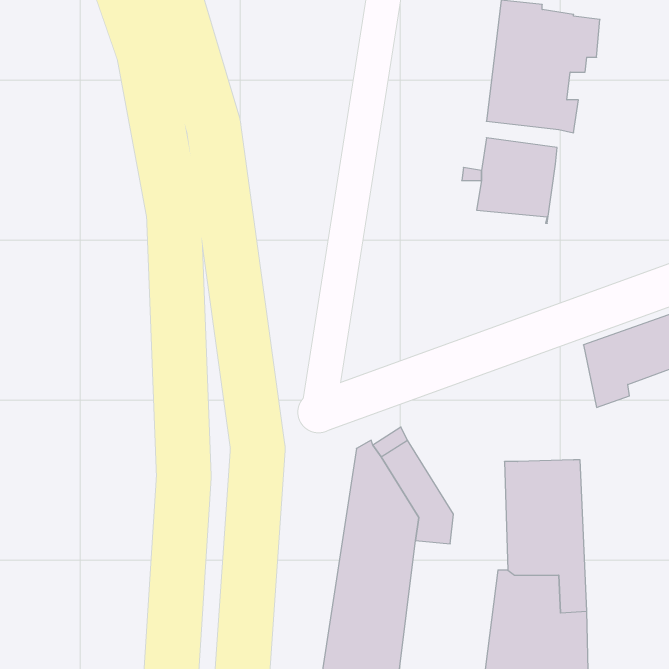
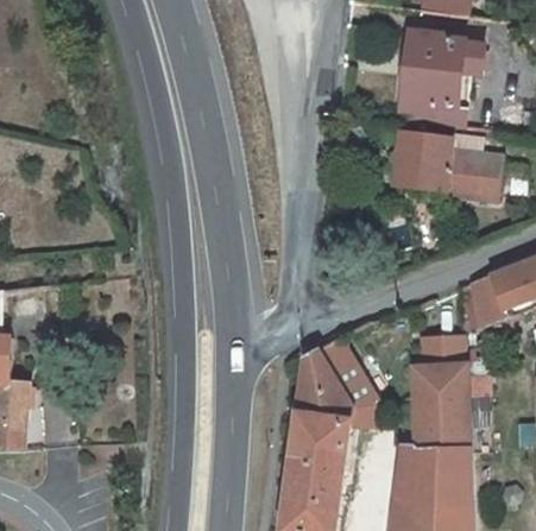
building: none -> [443,150,499,197]
building: none -> [422,336,462,365]

